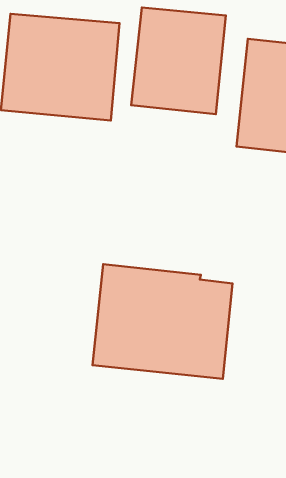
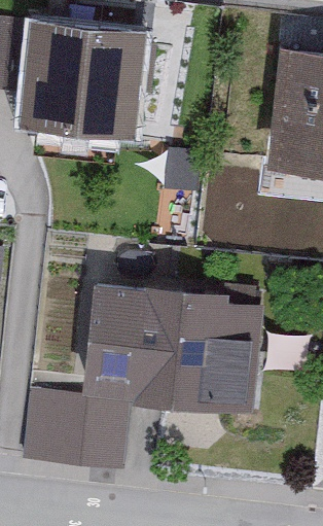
building: [131,8,226,114] -> none
building: none -> [27,398,130,470]

